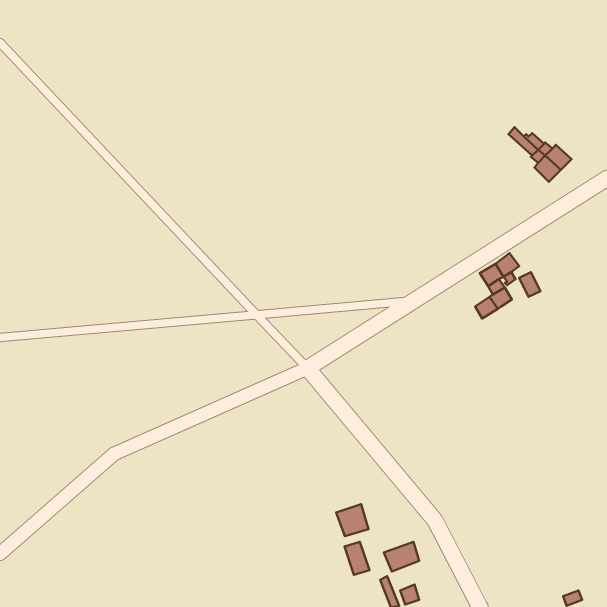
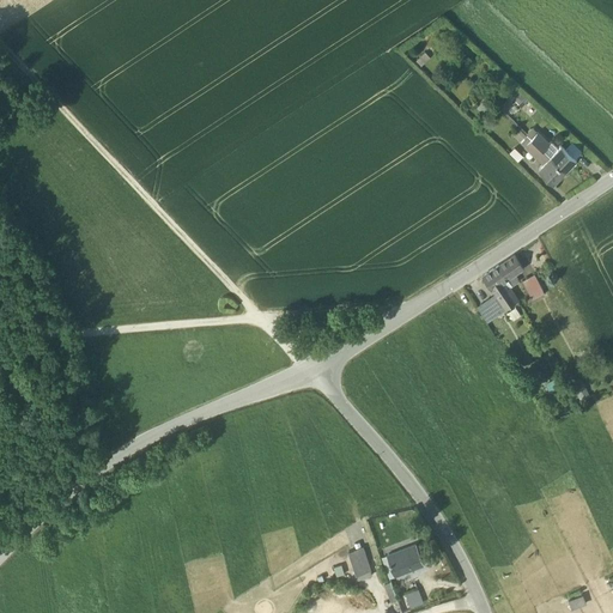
building: [336,504,368,536] -> none

